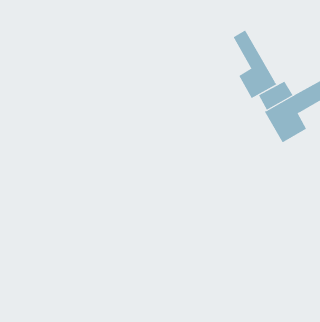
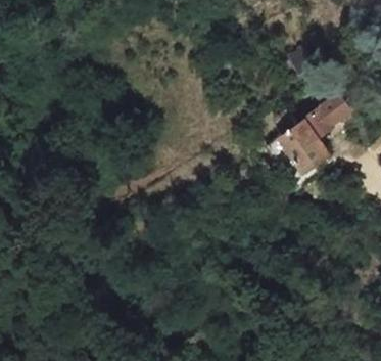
building: [233,30,277,99] -> none

